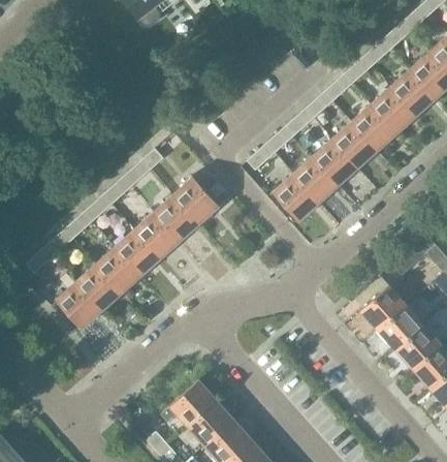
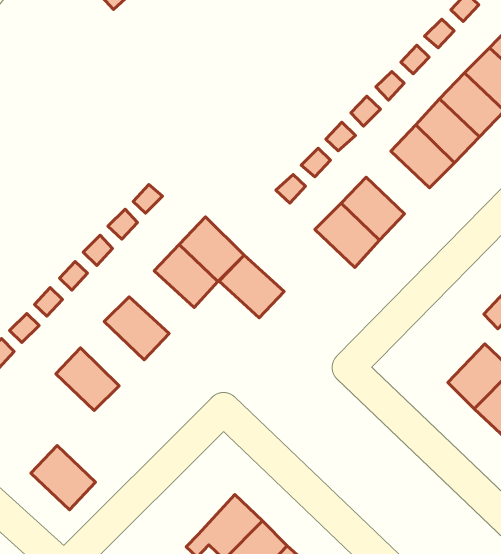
building: [312,140,357,186] -> none
building: [133,213,180,259] -> [219,255,284,318]
building: [95,247,140,295] -> none
building: [55,282,101,330] -> [31,445,96,510]

